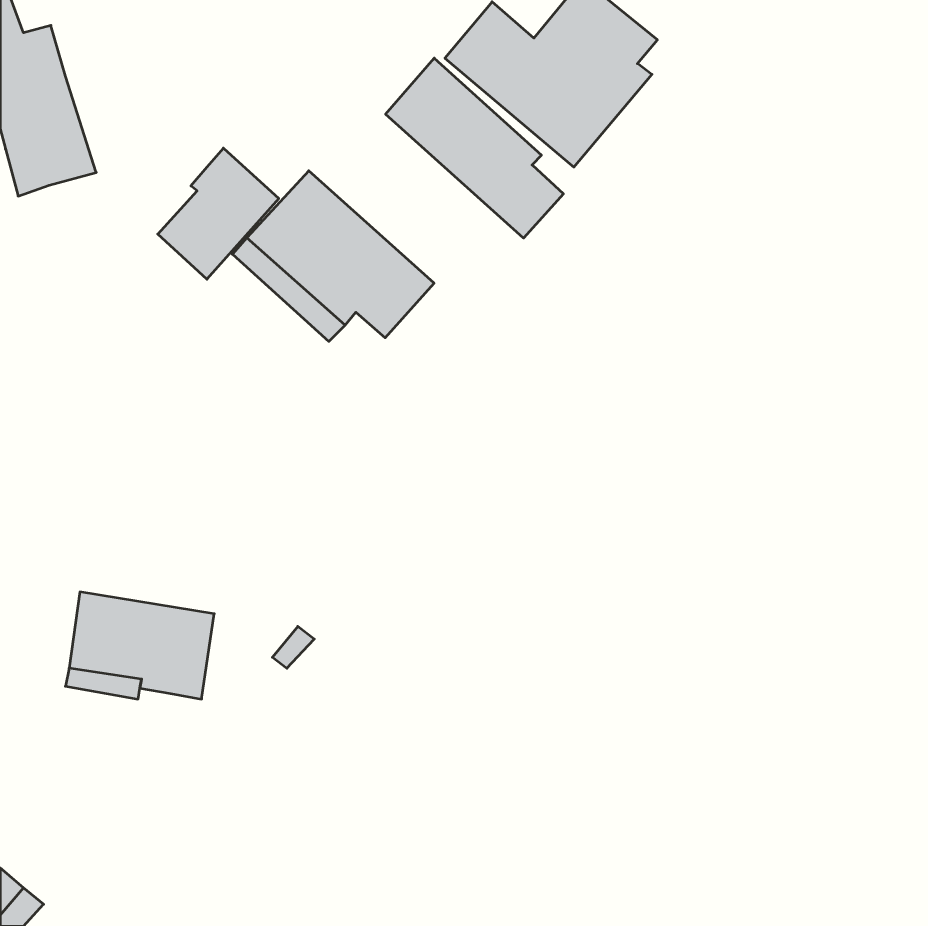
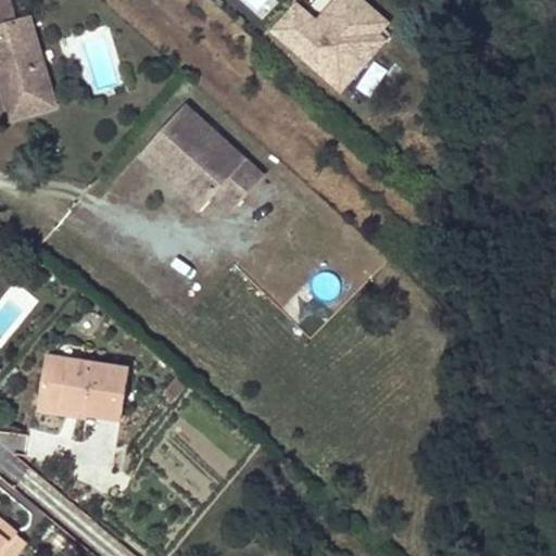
building: [386,58,563,238] -> none
building: [158,148,279,279] -> none

